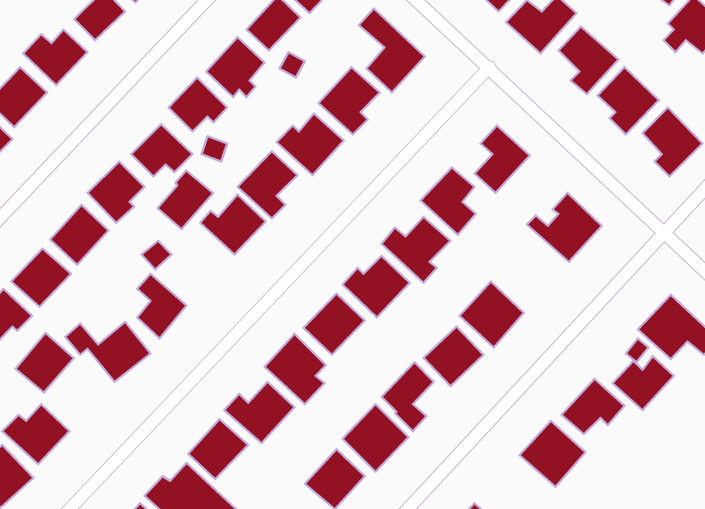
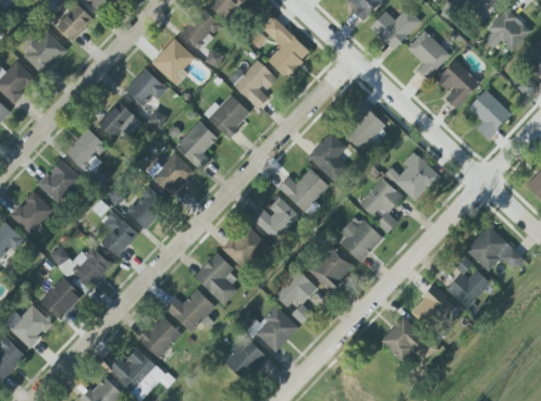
building: [158,171,213,229] -> [127,186,168,228]
building: none -> [358,177,403,234]
building: [15,333,74,393] -> [39,276,82,319]

